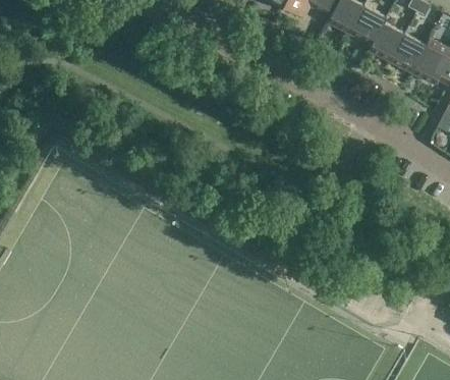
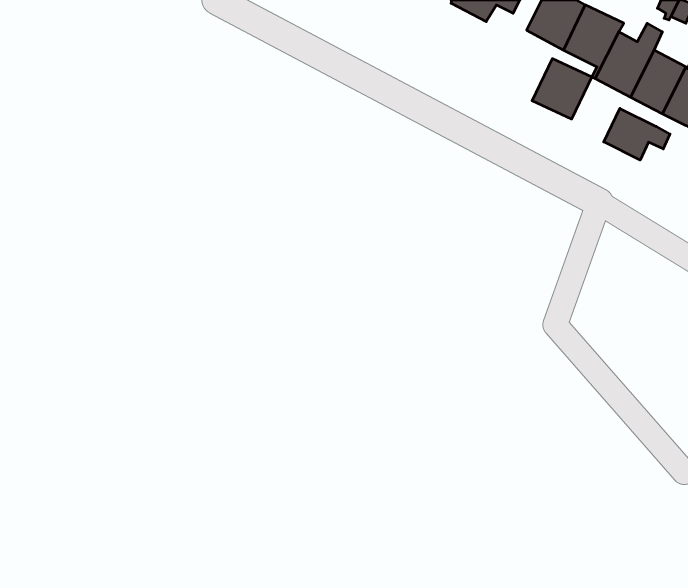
building: none -> [532,59,592,119]
building: none -> [604,108,670,160]

